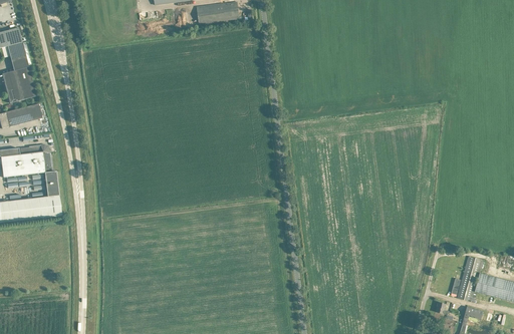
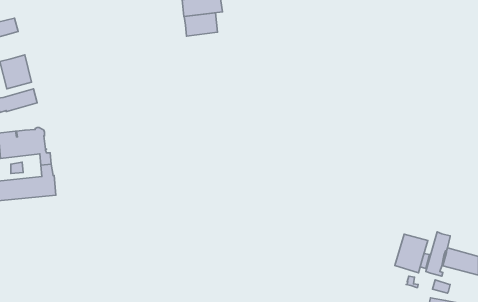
building: none -> [184,13,218,36]
building: [7,41,28,70] -> none
building: none -> [395,234,428,273]

